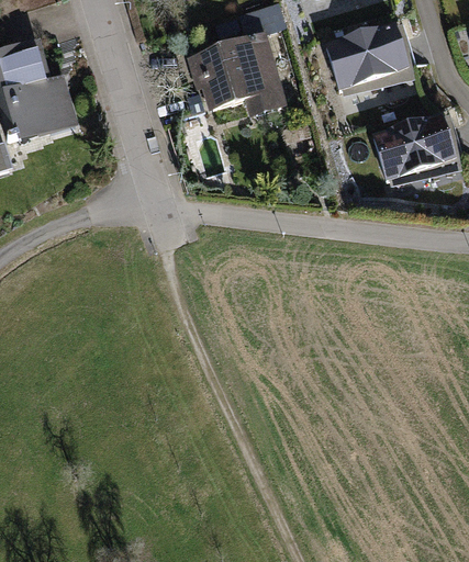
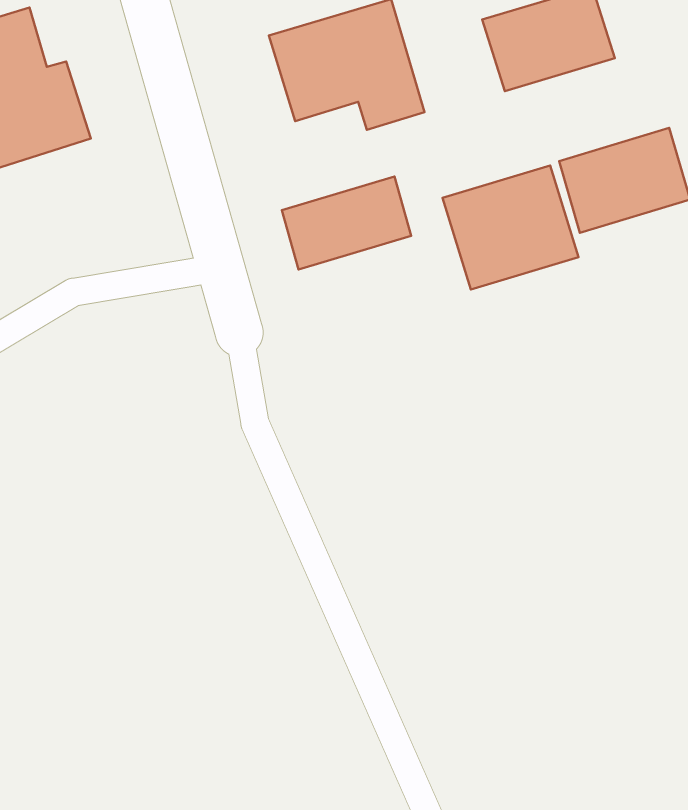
building: none -> [442,165,578,290]
building: none -> [282,176,411,270]

